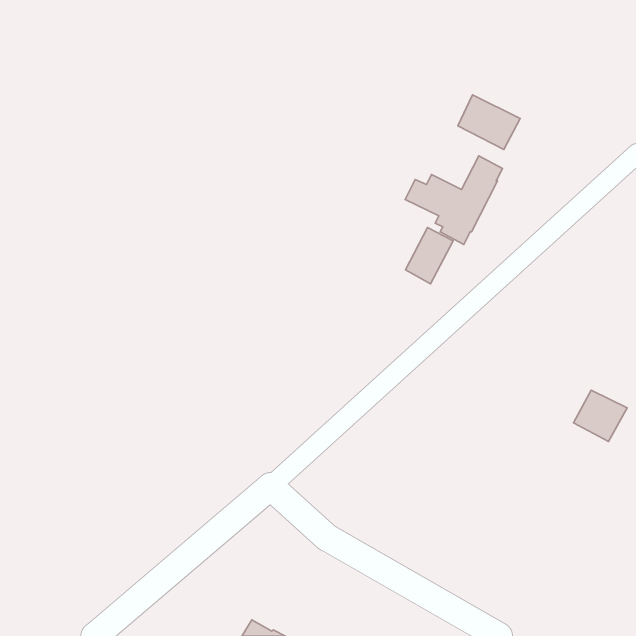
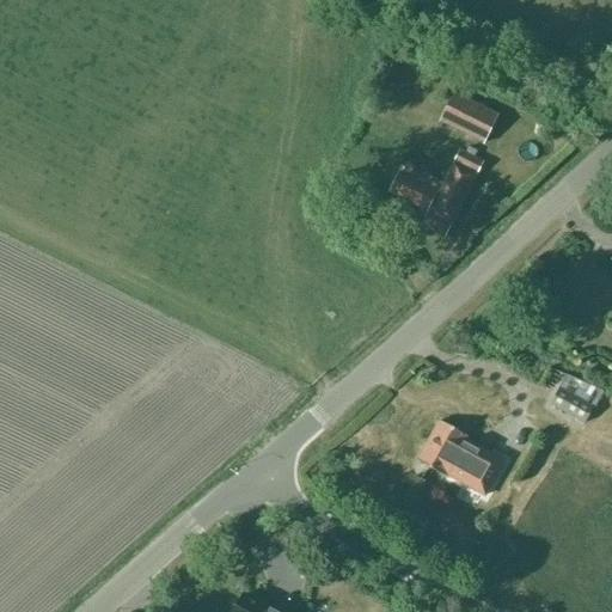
building: [406,228,453,284] -> none
building: none -> [417,420,504,494]

